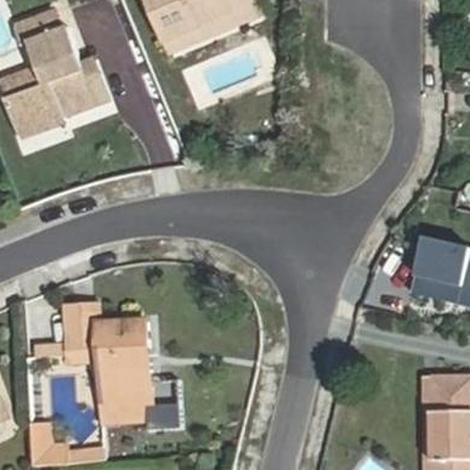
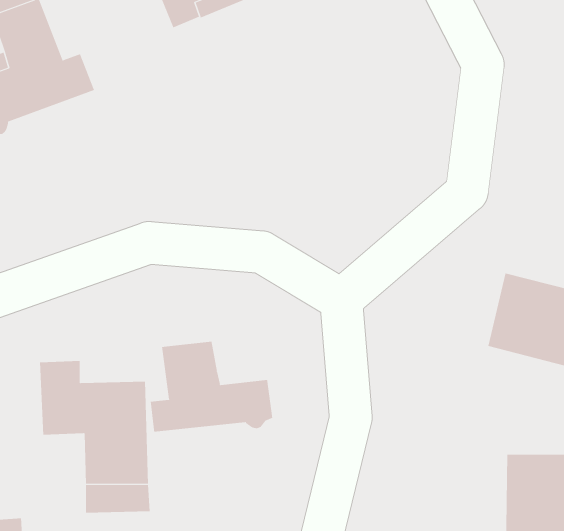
building: none -> [150,341,273,432]

